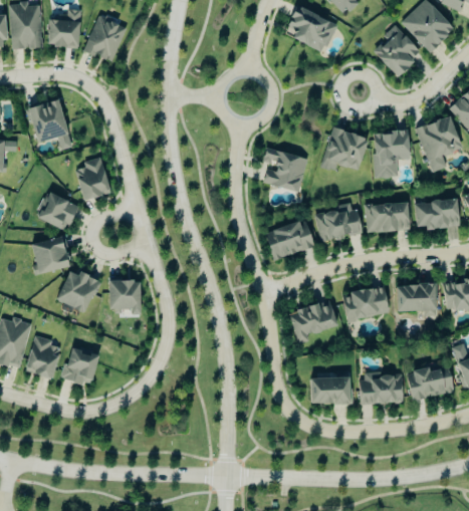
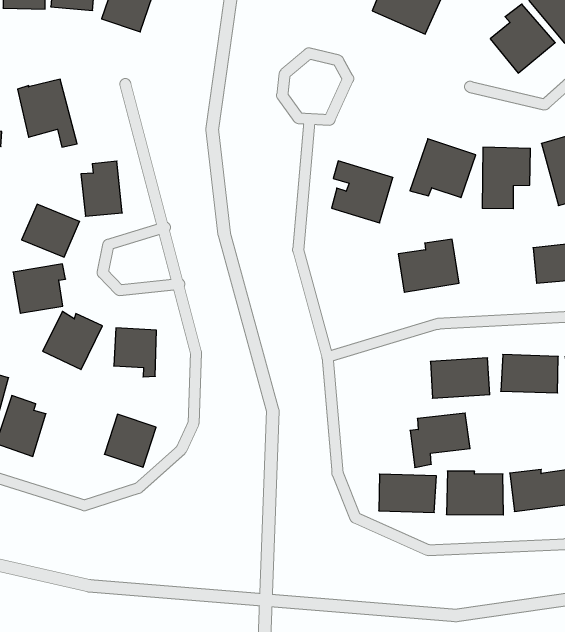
building: [365,202,409,232] -> none
building: [264,219,313,260] -> none
building: [291,301,336,343] -> [410,413,470,467]
building: [61,347,98,386] -> [104,414,156,467]

